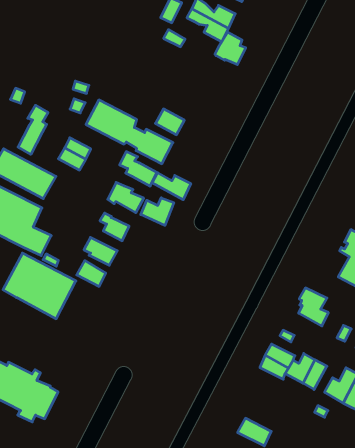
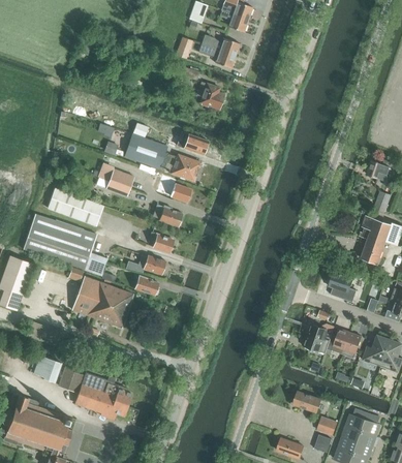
building: [215,32,246,65] -> [198,83,224,110]
building: [18,105,48,154] -> none
building: [152,173,191,200] -> none
building: [141,198,174,225] -> none

